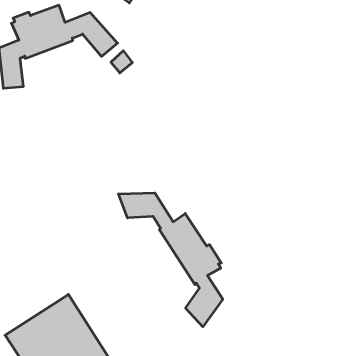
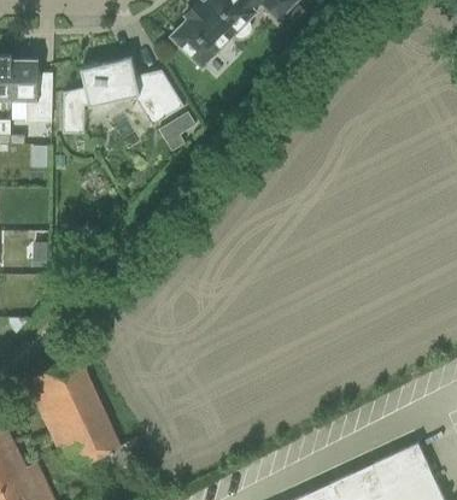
building: [118,193,223,327] -> none

